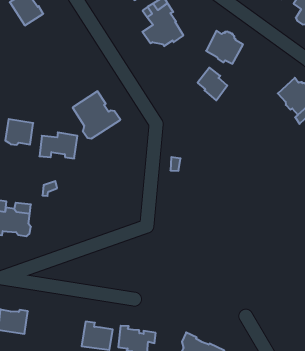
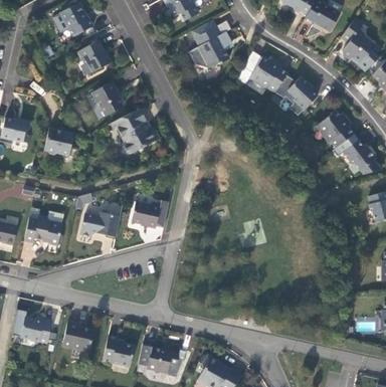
building: none -> [77,40,112,72]
building: none -> [91,81,124,116]
building: [198,68,227,100] -> [287,76,317,110]
building: [39,132,77,158] -> [80,212,120,239]
building: none -> [131,200,169,228]
building: none -> [62,320,93,351]

